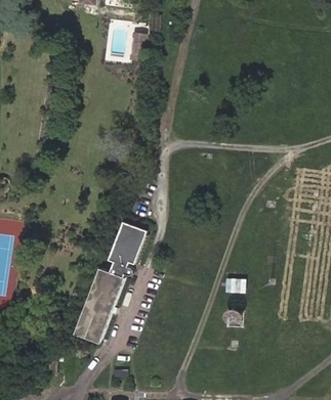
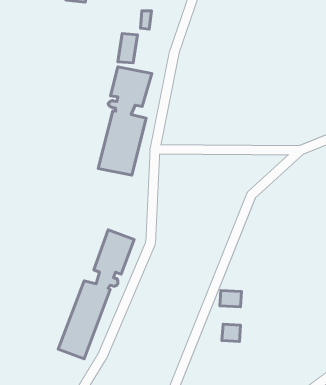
building: none -> [98,67,152,175]

